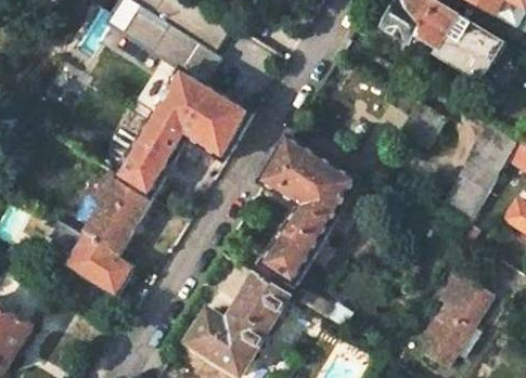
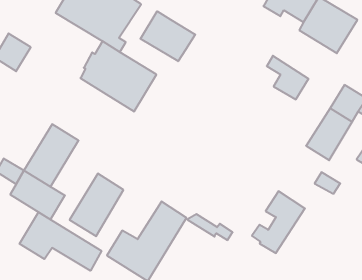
building: none -> [140,11,195,61]
building: [116,117,184,196] -> [70,174,123,236]
building: [257,135,367,284] -> none
building: [421,275,488,353] -> [252,191,305,253]
building: none -> [20,212,101,271]

